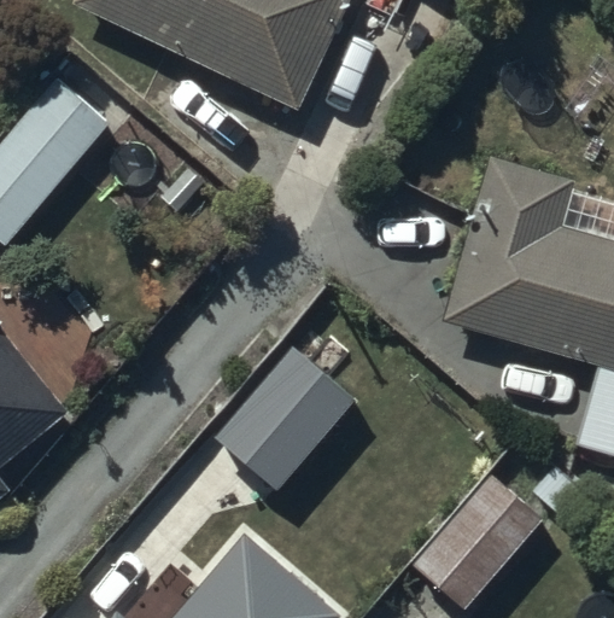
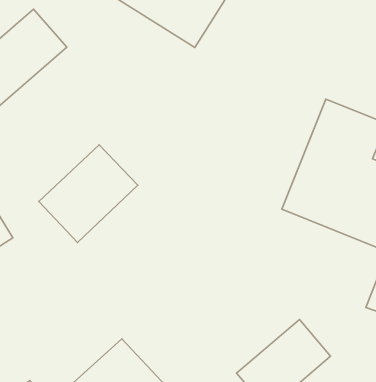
building: none -> [39,145,138,243]
building: [215,344,356,491] -> none

